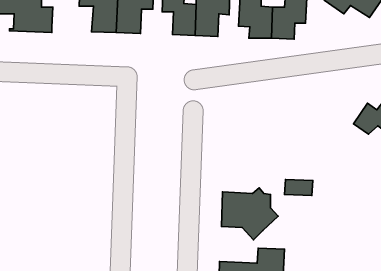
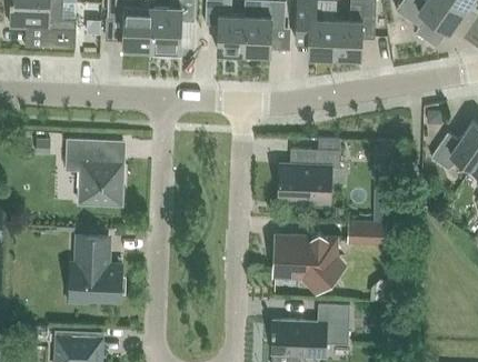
building: none -> [66,138,123,204]
building: none -> [278,148,339,207]
building: none -> [66,235,120,303]

